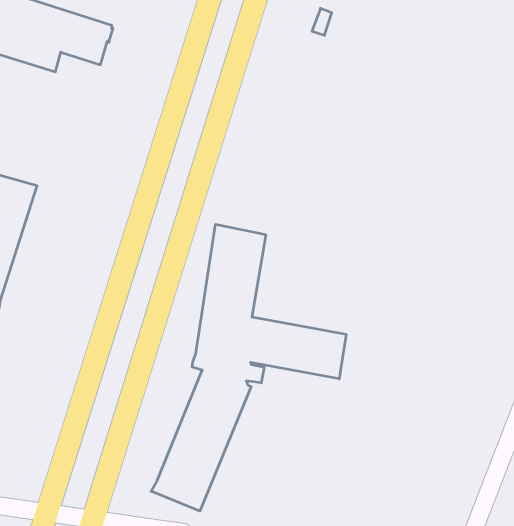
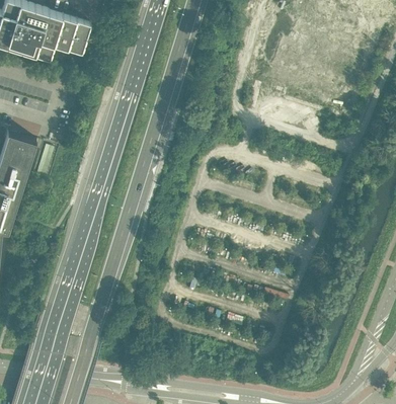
building: [151,224,346,511] -> none

